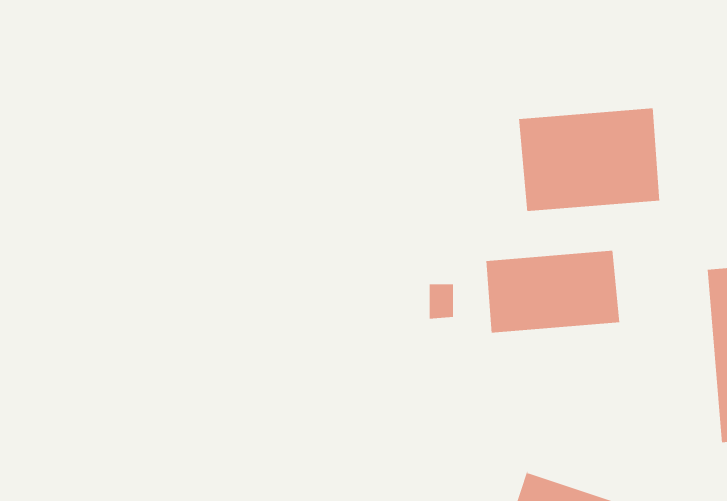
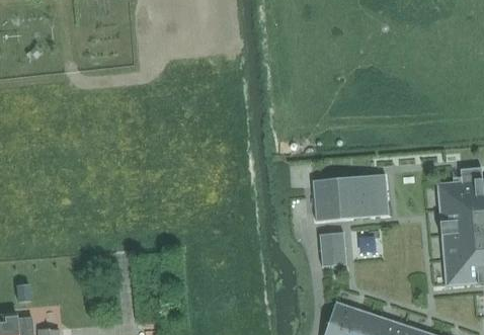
building: [518,108,660,212] -> none
building: none -> [319,233,346,267]

